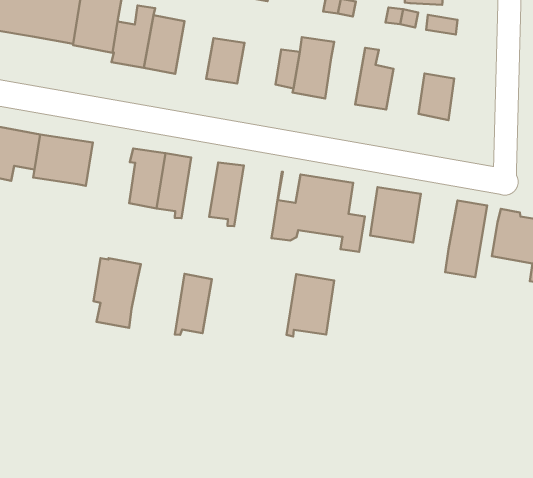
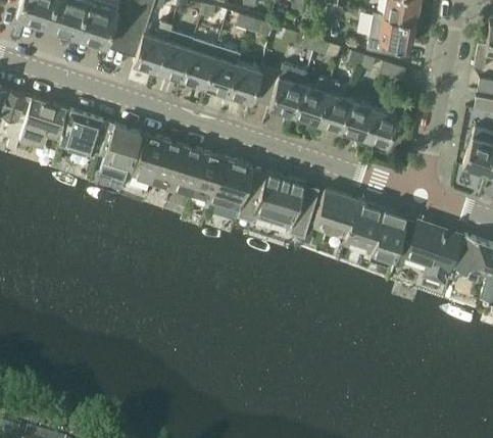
building: none -> [182,40,218,87]
building: none -> [229,63,262,102]
building: none -> [295,78,332,124]
building: none -> [341,100,375,138]
building: none -> [347,200,386,246]
building: [94,258,141,328] -> [100,124,141,181]
building: [175,274,212,335] -> [170,146,205,194]
building: [286,274,334,337] -> [210,158,253,208]

